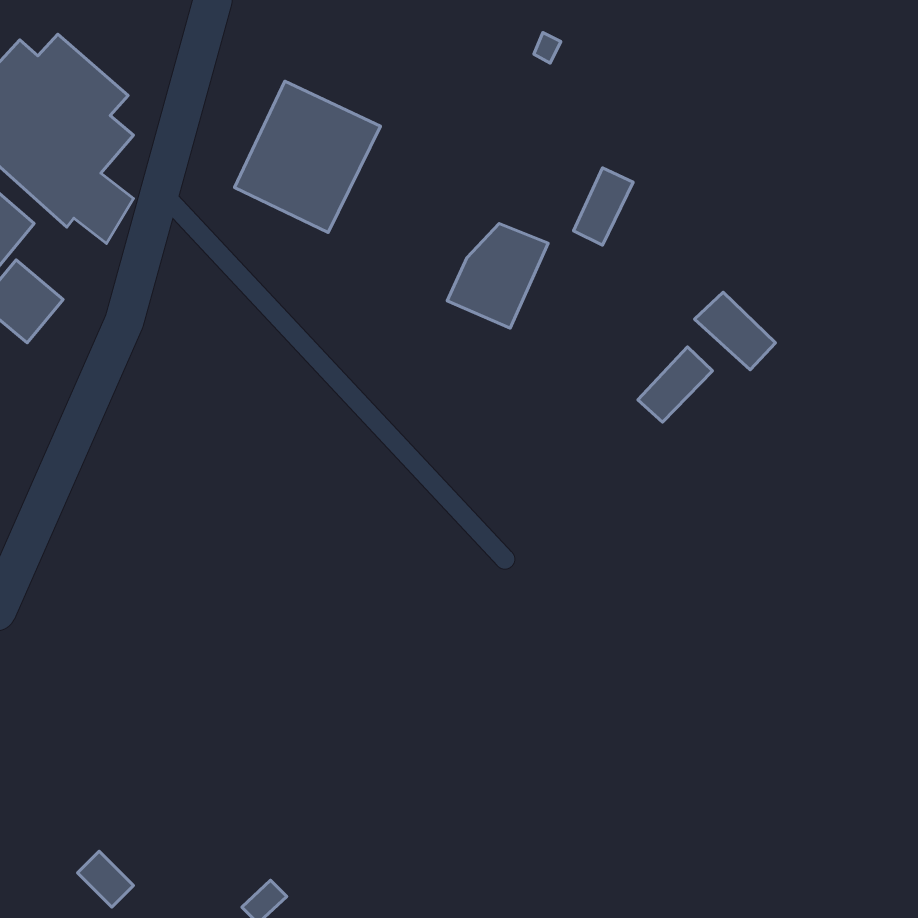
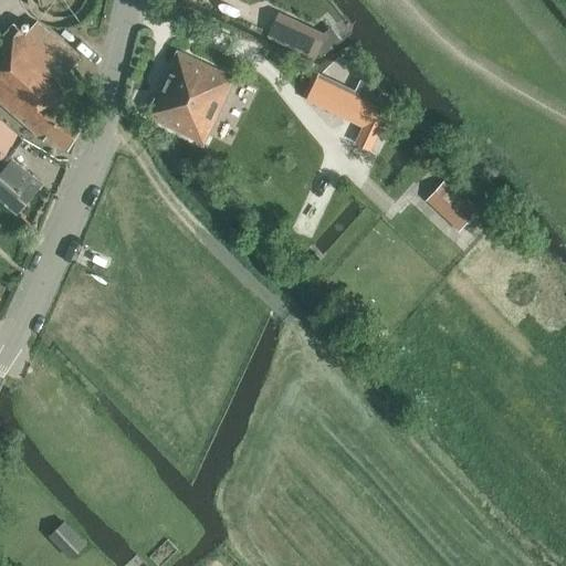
building: none -> [268,13,324,56]
building: [447,223,548,328] -> [303,57,365,122]
building: [638,347,713,422] -> none

